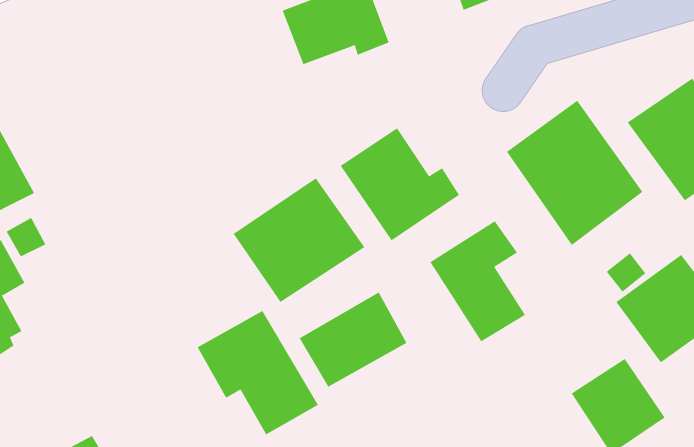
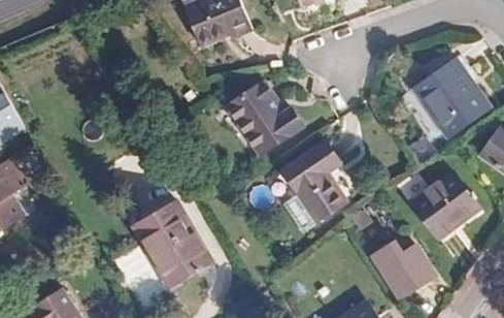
building: [506,100,643,246] -> none
building: [233,177,365,303] -> none
building: [299,292,407,388] -> none

